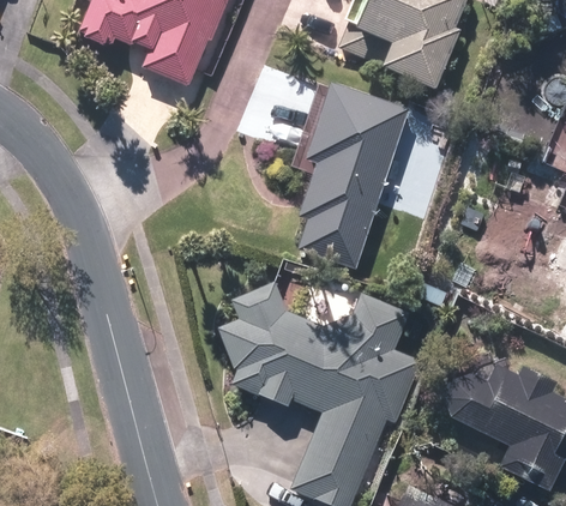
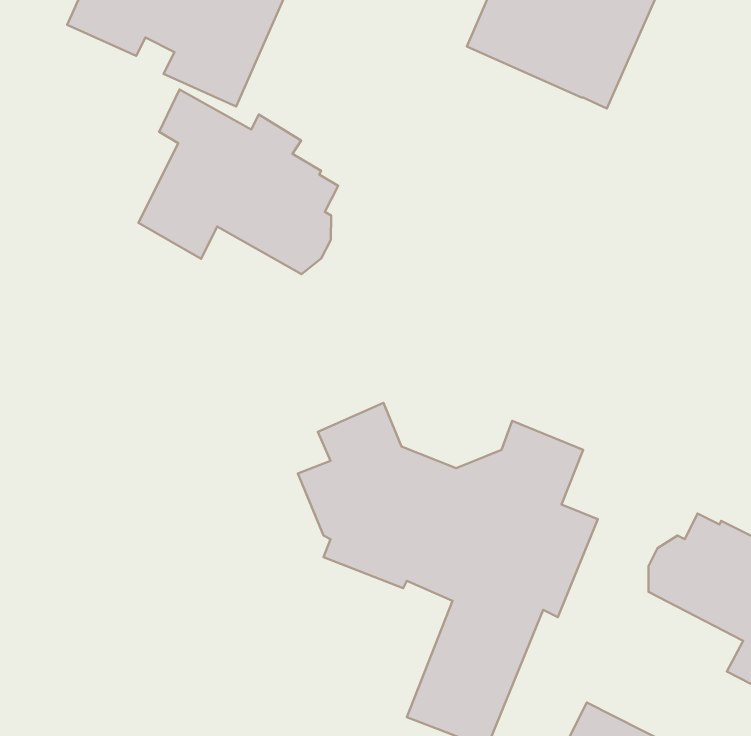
building: none -> [138,89,338,274]
building: [287,84,408,271] -> none

